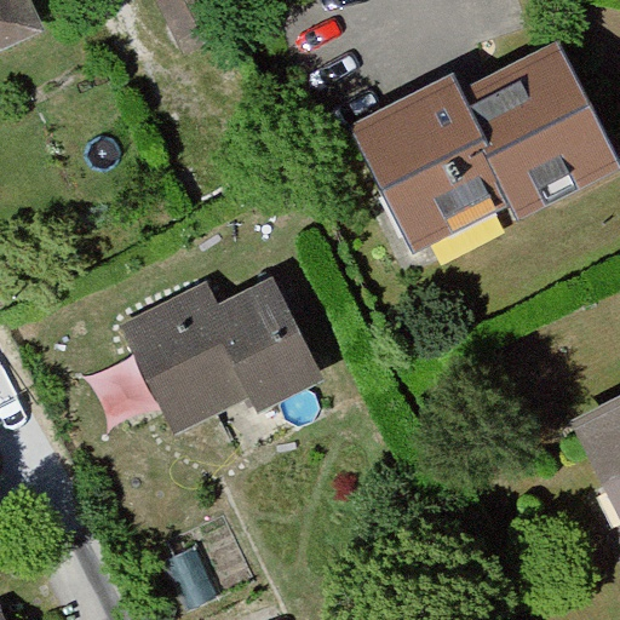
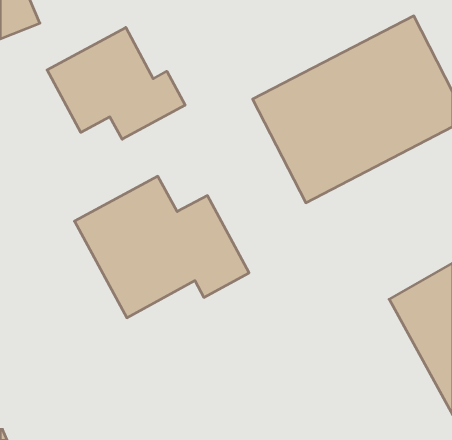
building: none -> [47,27,185,139]

